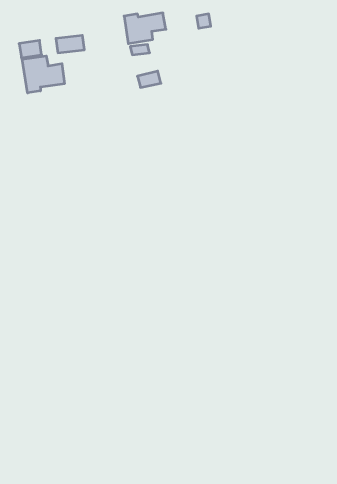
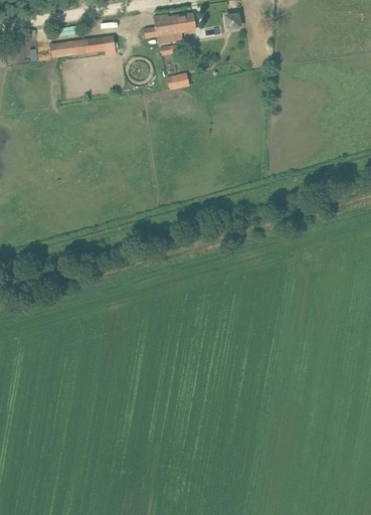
building: [22,56,64,93] -> none

